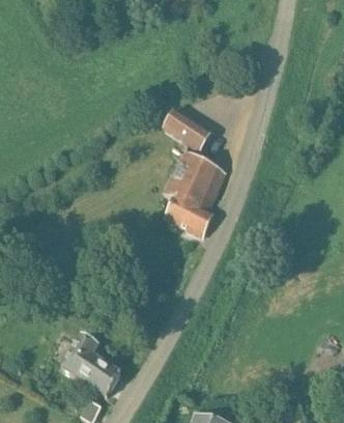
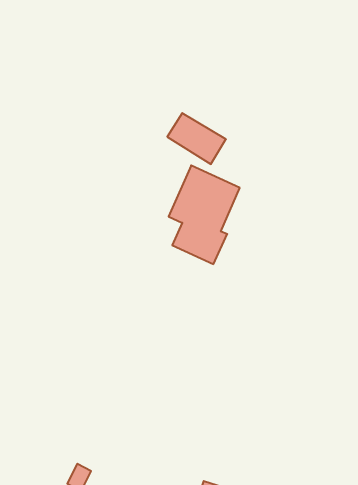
building: [61,334,120,393] -> none

